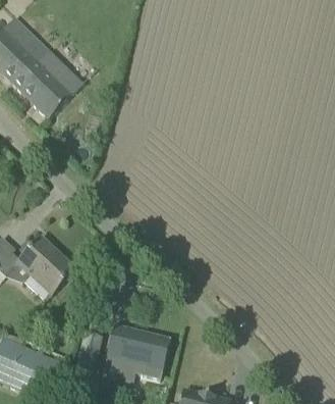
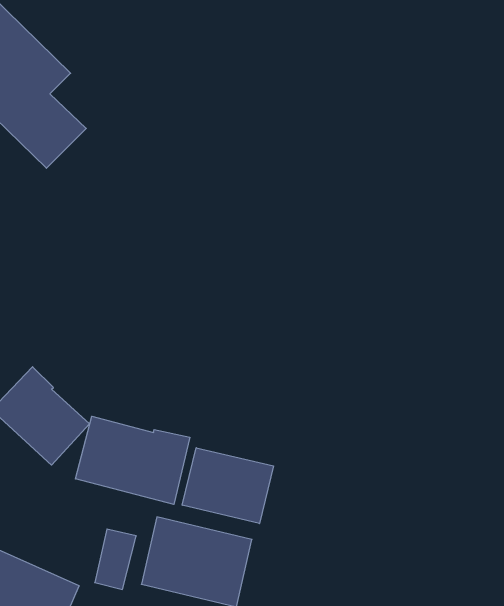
building: none -> [75,416,190,504]
building: none -> [182,448,273,524]

